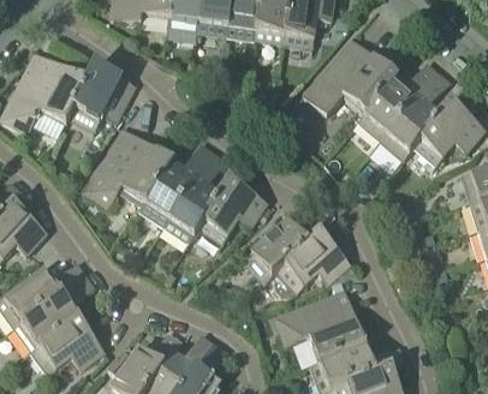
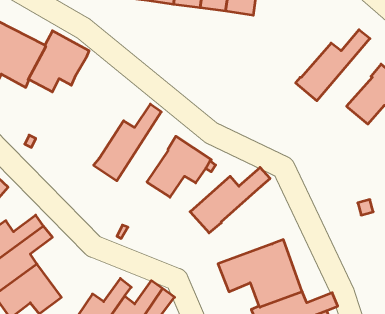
building: [303,38,397,115] -> none
building: [381,72,450,160] -> none
building: [82,129,172,208] -> none
building: [165,151,226,243] -> none
building: [278,232,357,294] -> none

